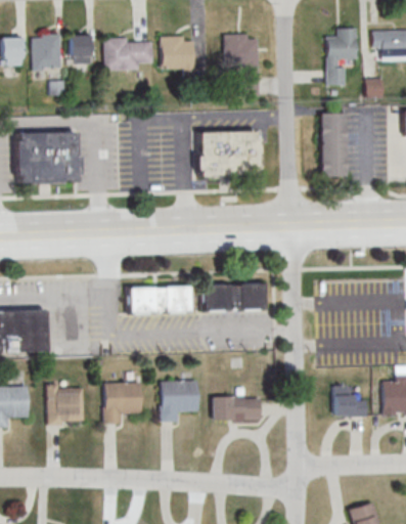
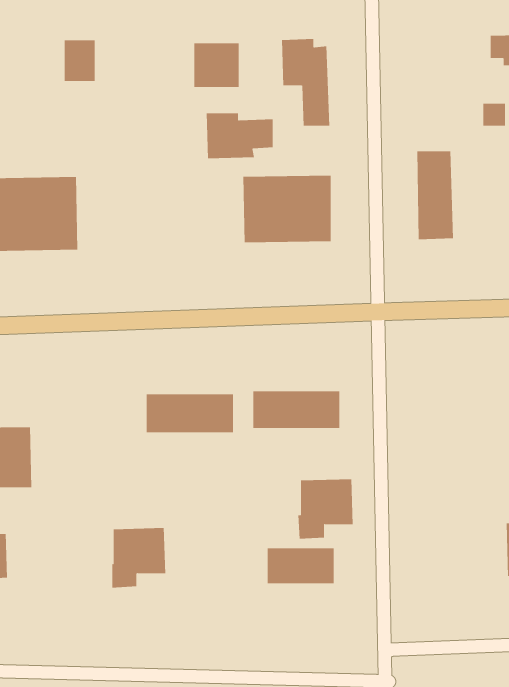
building: [326,29,358,86] -> none
building: [33,34,60,69] -> none
building: [104,38,152,71] -> [206,113,273,159]
building: [160,380,199,423] -> [297,479,354,539]
building: [48,384,86,425] -> none
building: [335,386,367,418] -> none

